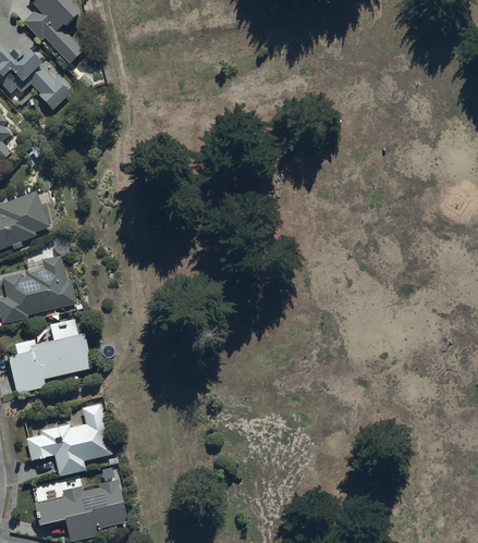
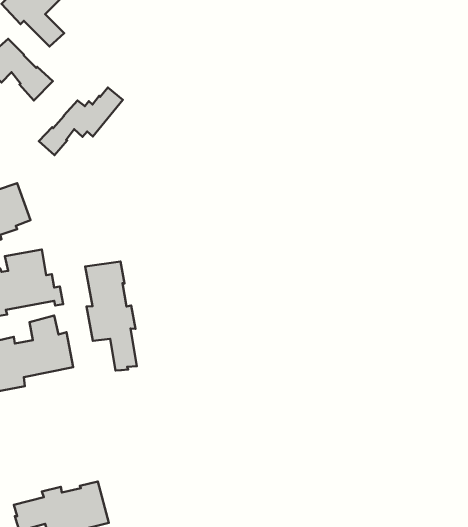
building: none -> [39,87,123,155]
building: none -> [85,261,137,371]
building: [25,402,117,476] -> none

